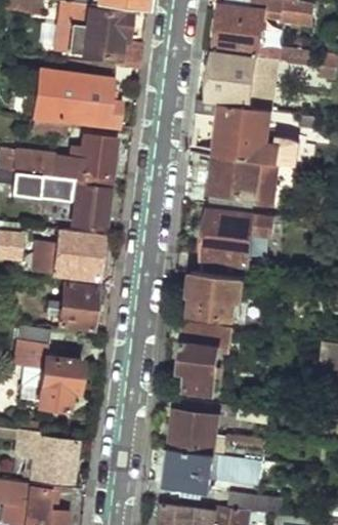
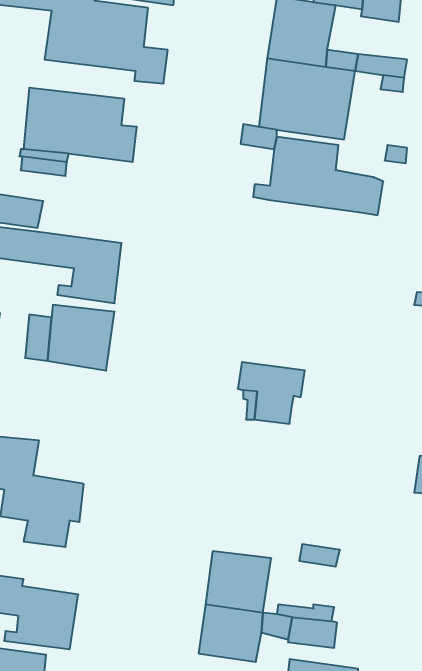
building: [47,135,116,185] -> none
building: [210,153,283,206] -> none
building: [204,210,280,265] -> none
building: [55,283,95,328] -> none
building: [181,322,236,394] -> none

